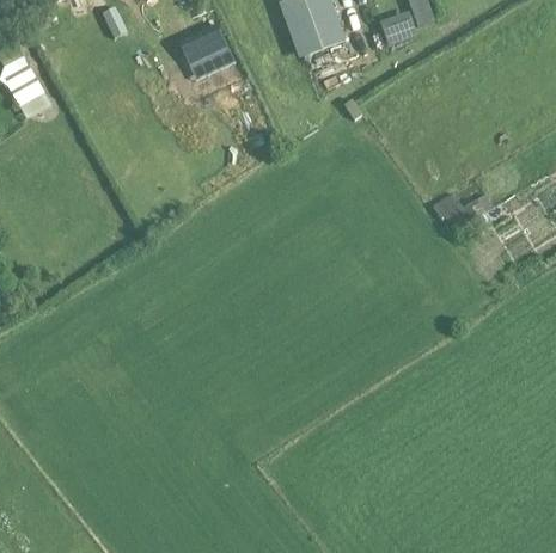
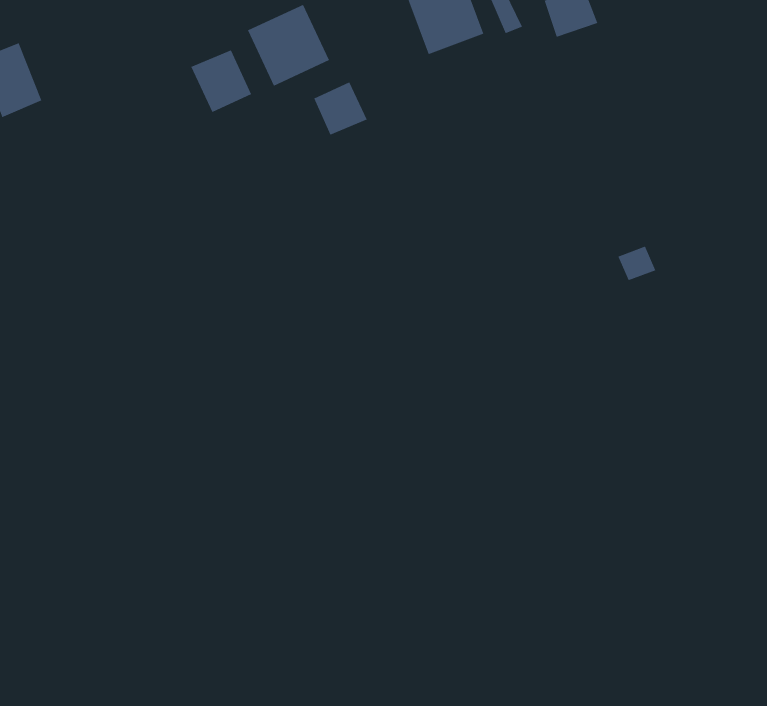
building: none -> [191,49,252,113]
building: none -> [313,81,368,136]

